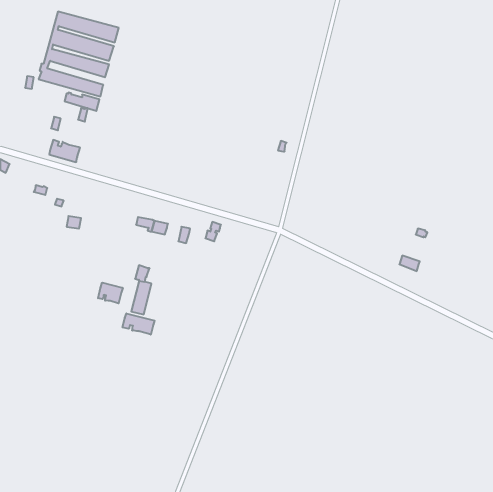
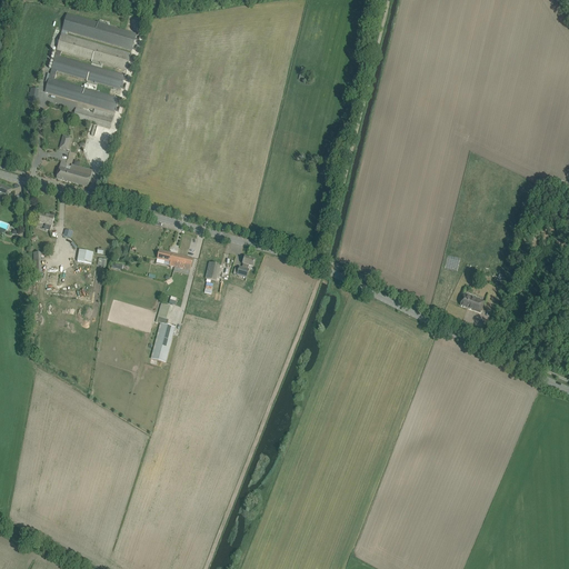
building: [98,283,123,303] -> none
building: [123,313,155,335] -> none

